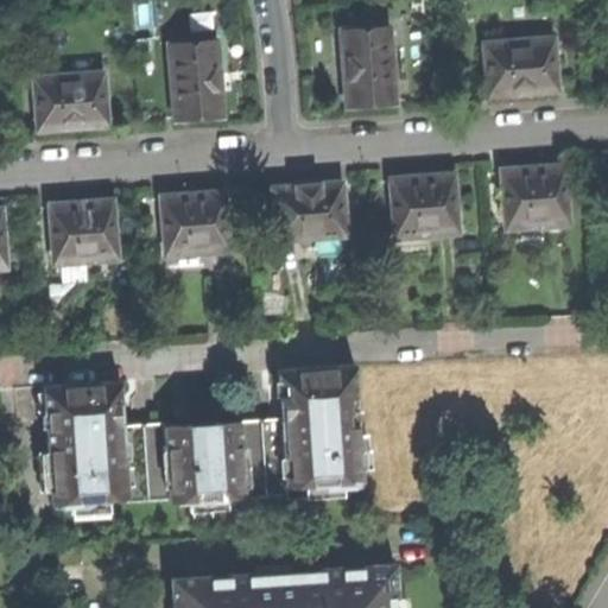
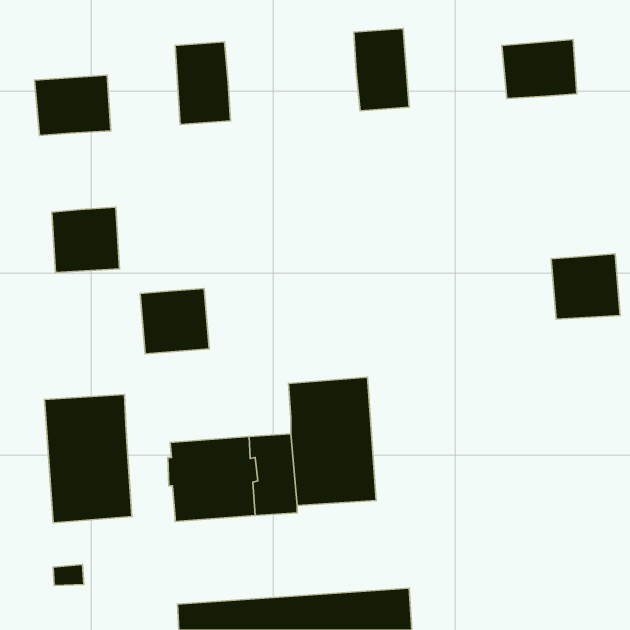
building: [501,165,568,228] -> [551,254,620,319]
building: [390,173,457,238] -> none
building: [272,183,344,240] -> none
building: [160,191,227,254] -> [140,289,209,354]
building: [122,423,169,501] -> none

